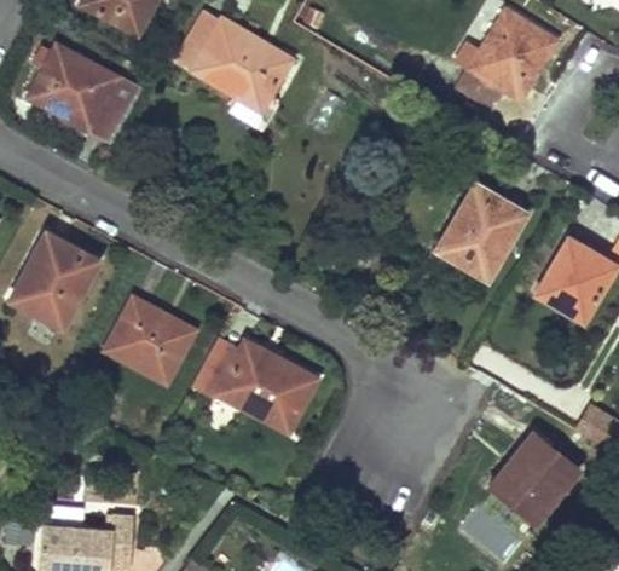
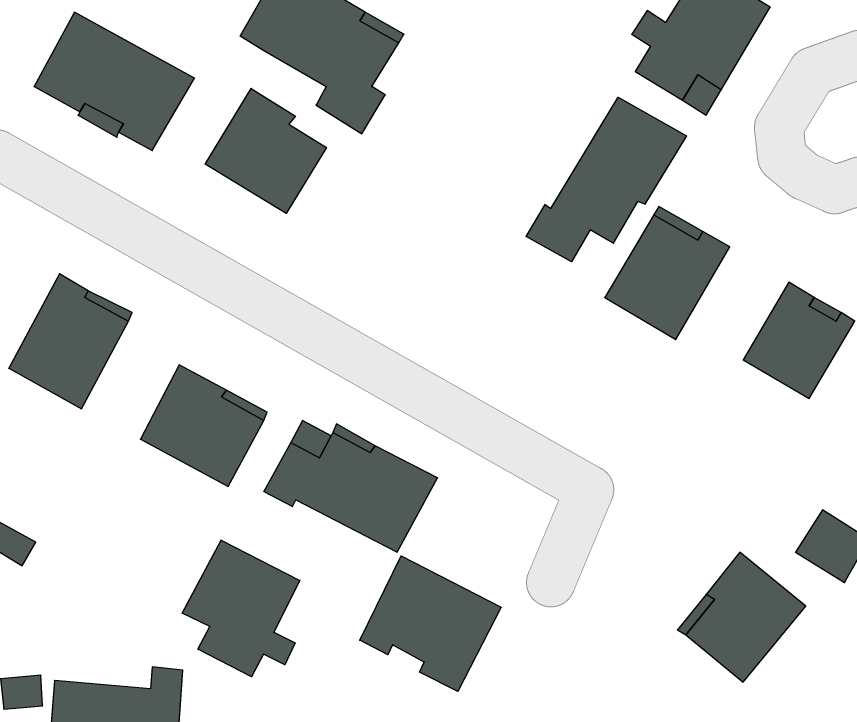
building: none -> [205,88,326,213]
building: none -> [526,97,686,262]
building: none -> [182,540,300,677]
building: none -> [360,556,501,691]

